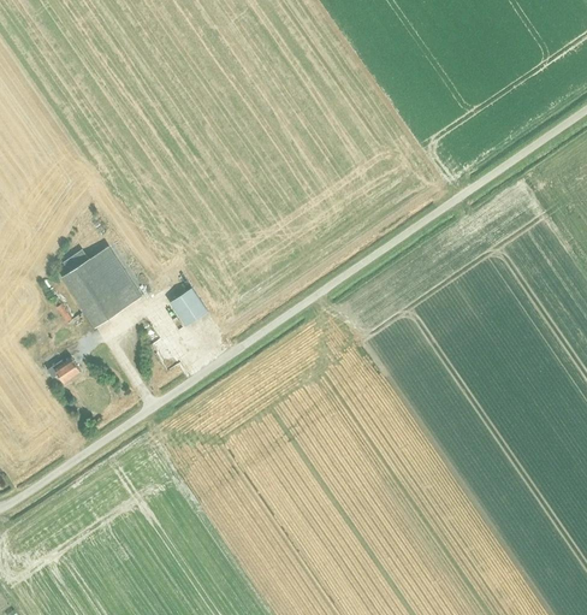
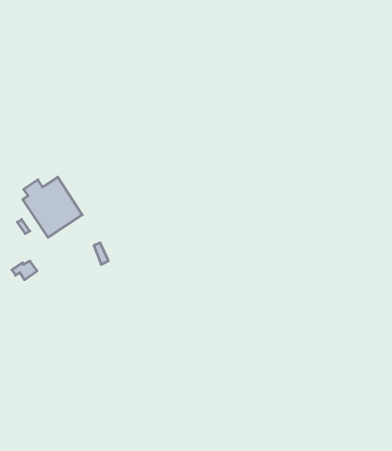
building: [170,289,207,327] -> none

